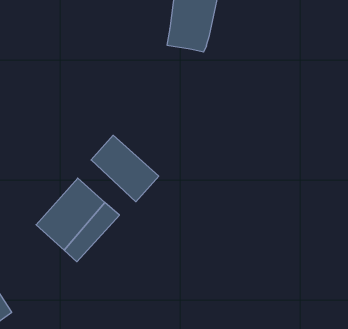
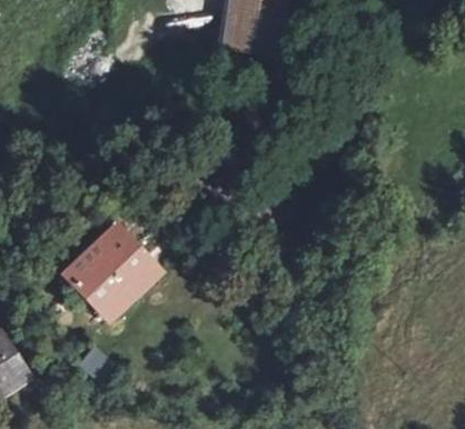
building: [91,135,159,202] -> none

